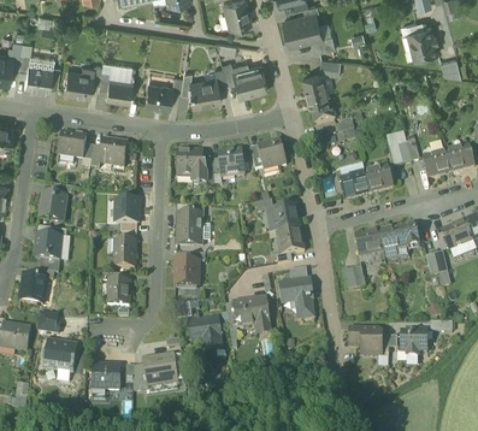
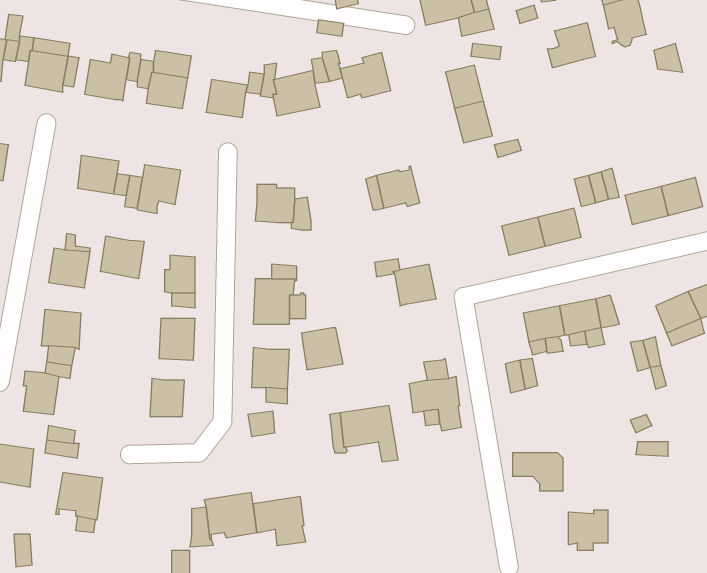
building: none -> [547,23,595,68]
building: [217,149,244,176] -> none
building: none -> [101,236,144,279]
building: [276,228,303,255] -> [301,328,343,369]
building: [187,318,222,350] -> [253,497,306,545]
building: [400,330,426,356] -> [568,510,608,550]
building: [92,366,119,391] -> none

